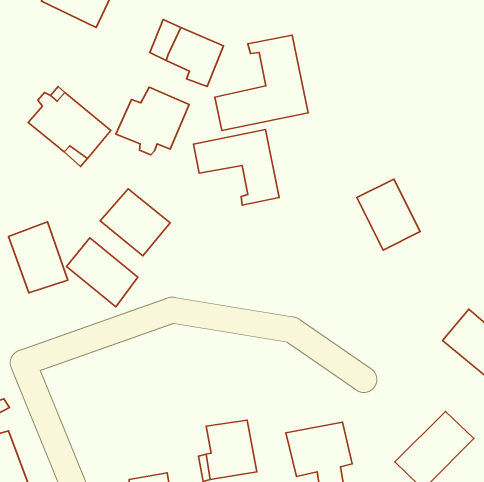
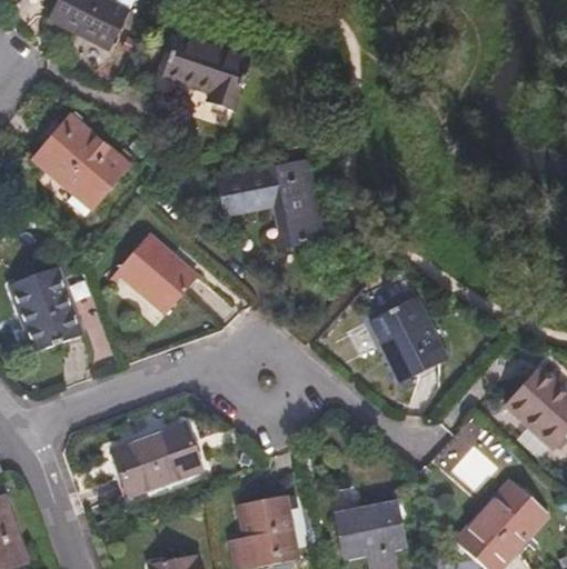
building: [215,35,308,130] -> none
building: [116,87,189,155] -> none
building: [357,179,420,250] -> [372,297,445,378]
building: [67,238,138,307] -> none
building: none -> [113,425,201,493]

